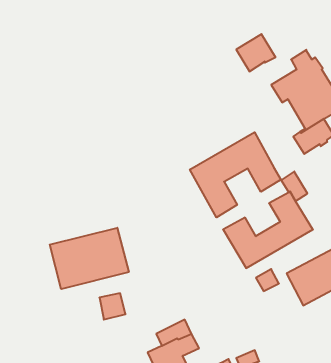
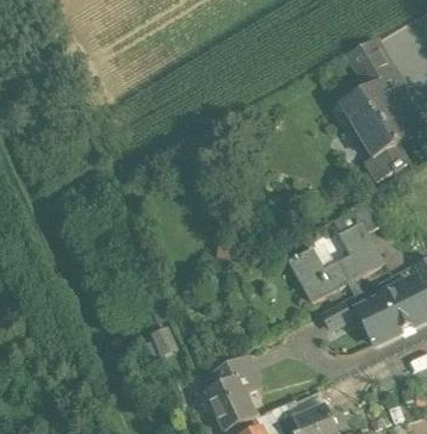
building: [236,34,276,71] -> [346,36,389,76]
building: [190,132,281,217] -> none
building: [50,228,129,289] -> none

